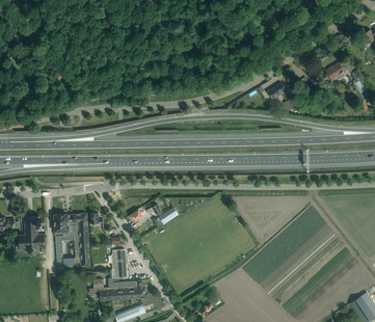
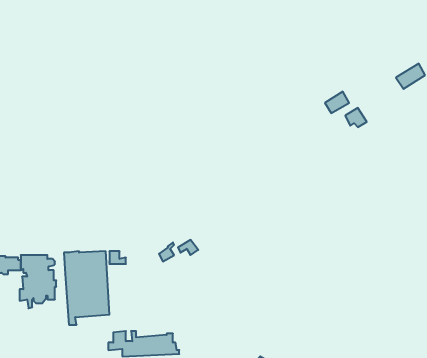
building: [111,249,128,278] -> none

